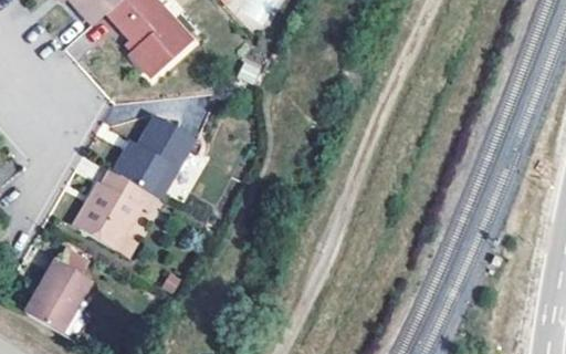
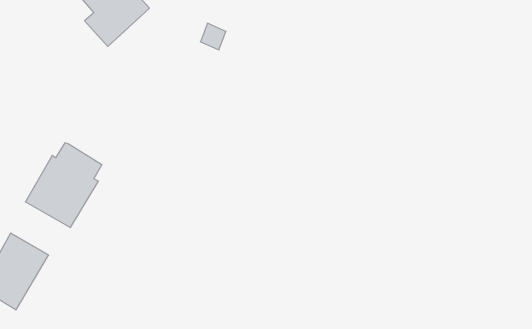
building: [111,118,189,197] -> none

